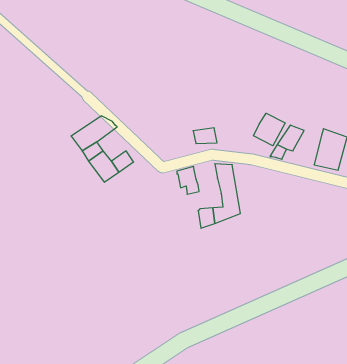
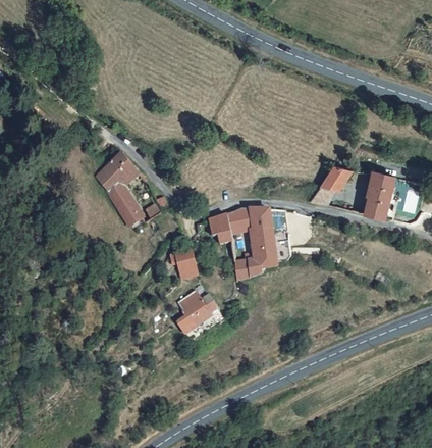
building: [254,113,285,146] -> none
building: [193,128,217,144] -> [227,208,254,226]
building: none -> [170,248,198,277]
building: none -> [177,292,220,327]

